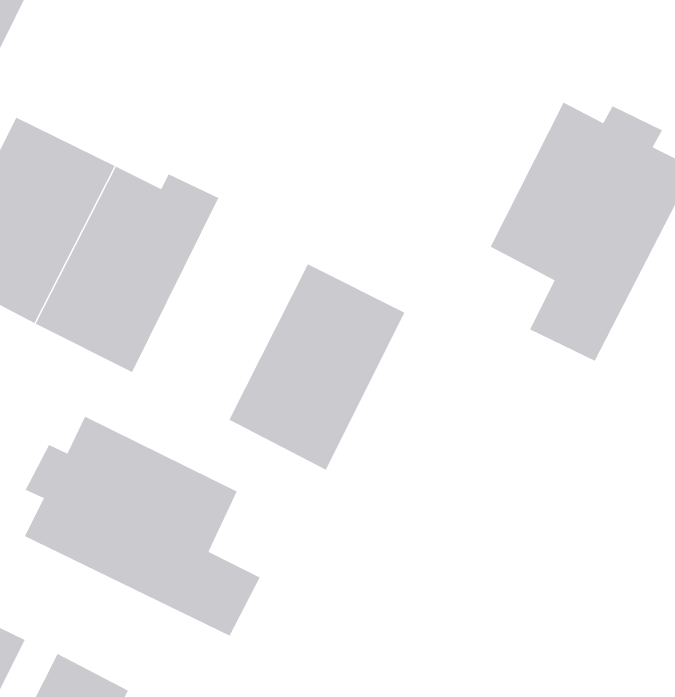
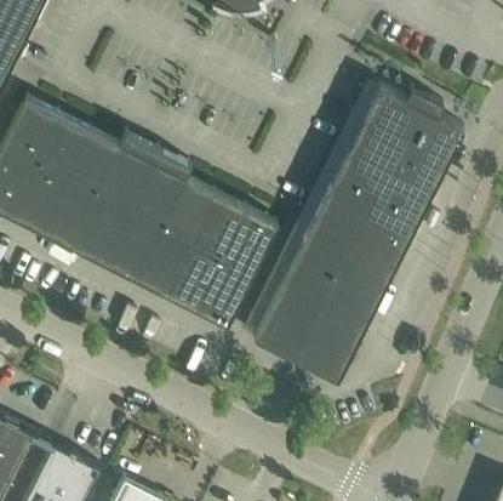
building: none -> [102,149,215,292]
building: none -> [252,181,400,380]
building: [24,416,261,637] -> none

